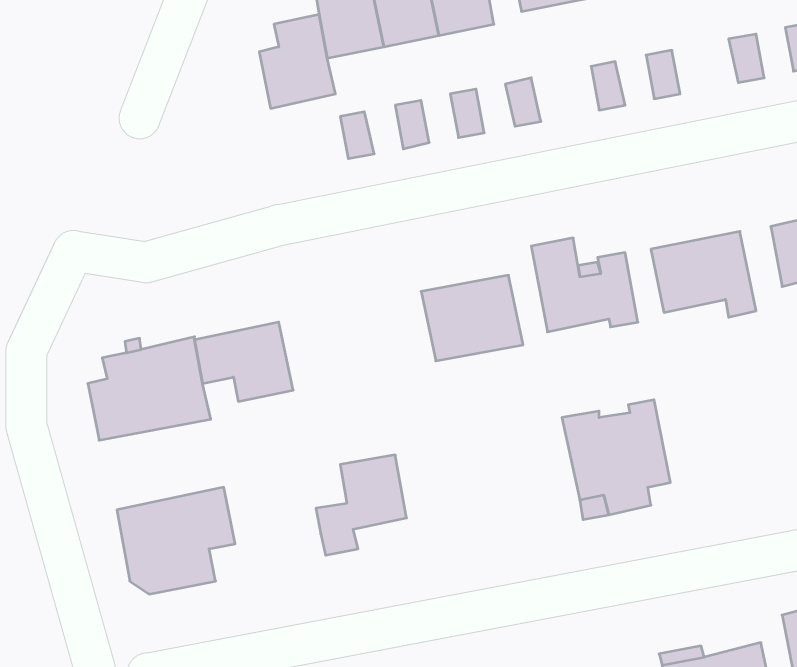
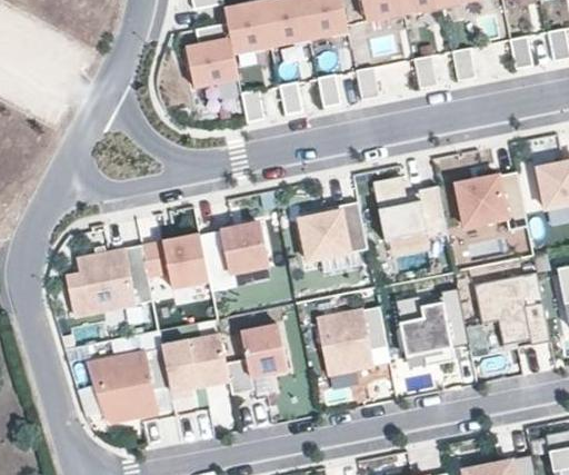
building: none -> [199,222,267,290]
building: none -> [473,271,550,345]
building: none -> [317,306,386,374]
building: none -> [161,334,228,396]

